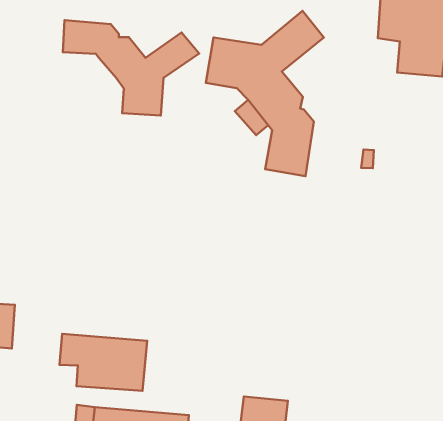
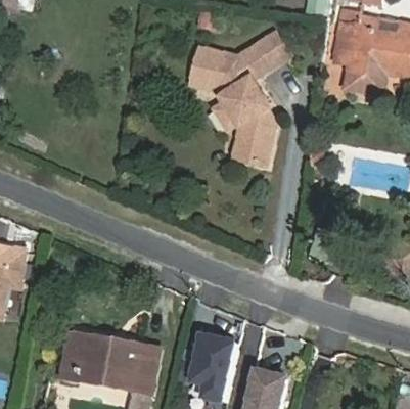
building: [63,20,199,116] -> none
building: [60,334,147,391] -> none

